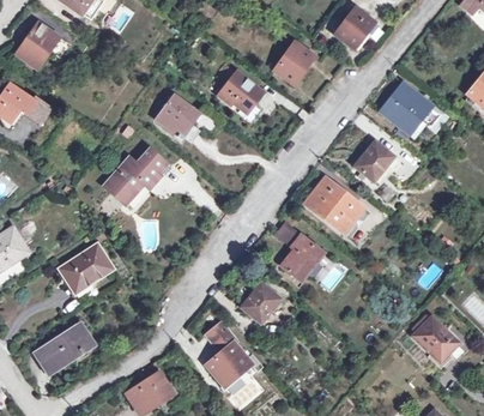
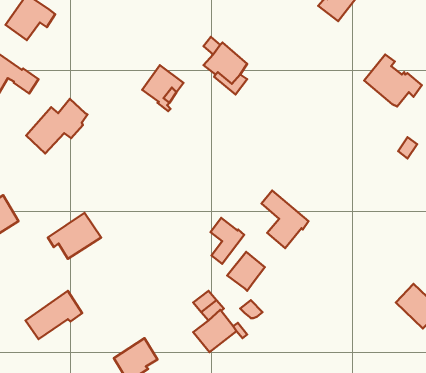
building: [274,43,313,84] -> none
building: [353,140,392,181] -> none
building: [104,149,167,204] -> [26,99,88,153]
building: [303,177,362,233] -> none
building: none -> [210,218,244,264]

